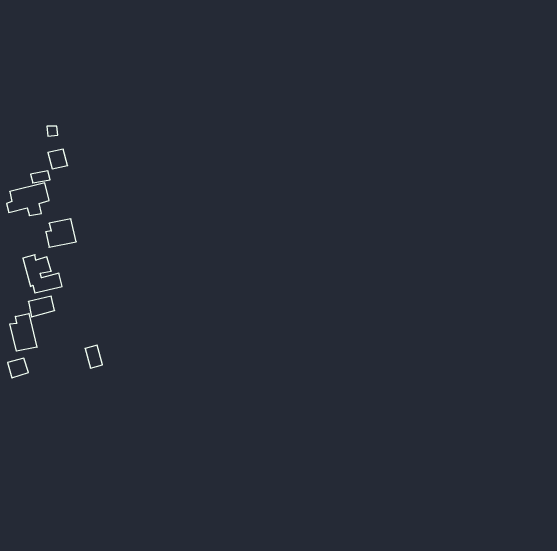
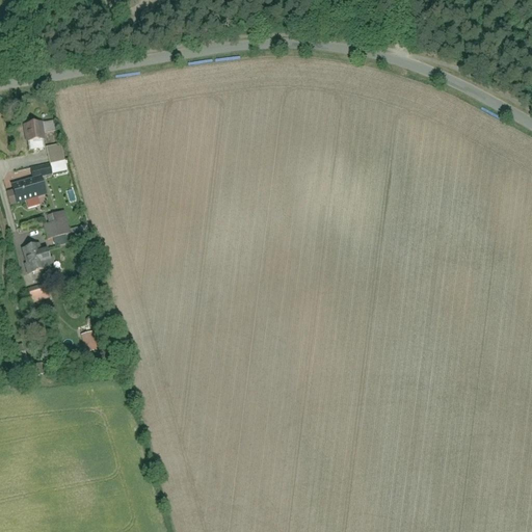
building: none -> [24,118,43,149]
building: [10,313,37,351] -> none

